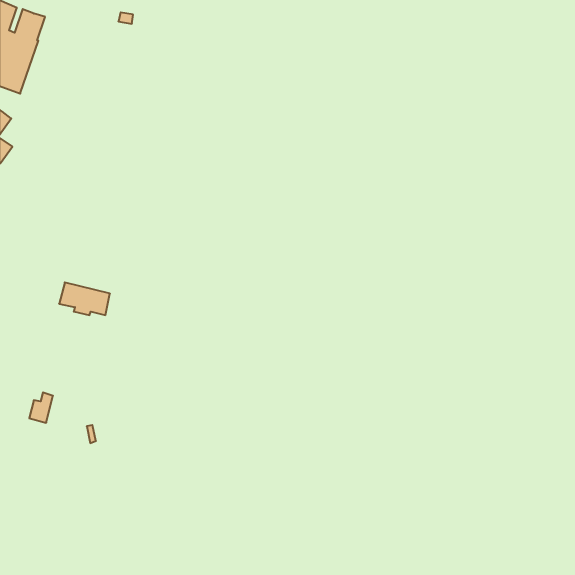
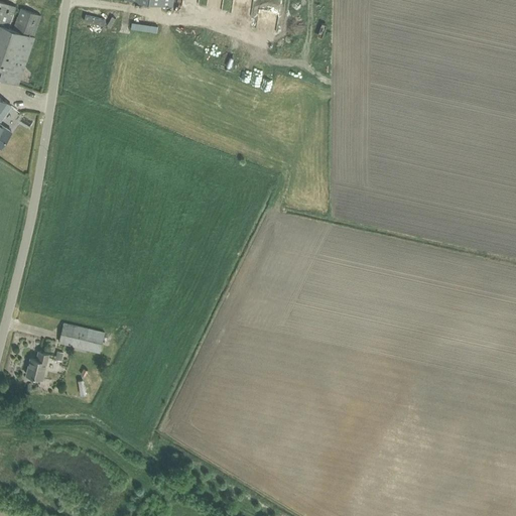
building: [59,282,110,315] -> [58,324,104,353]

